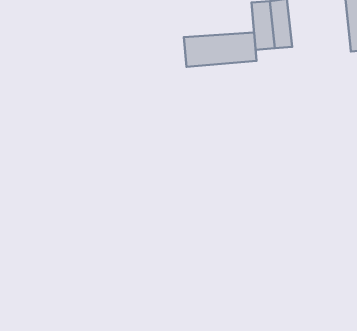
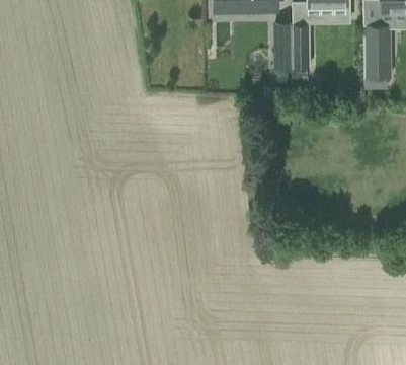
building: [184,32,257,67] -> none

